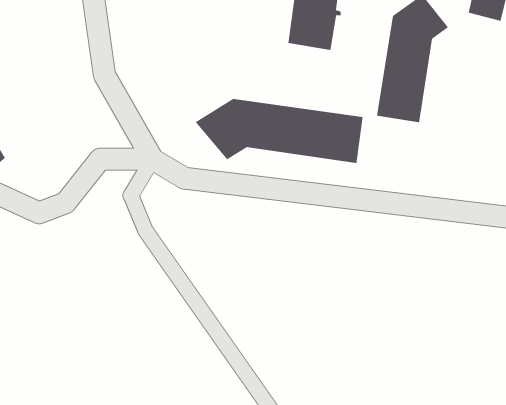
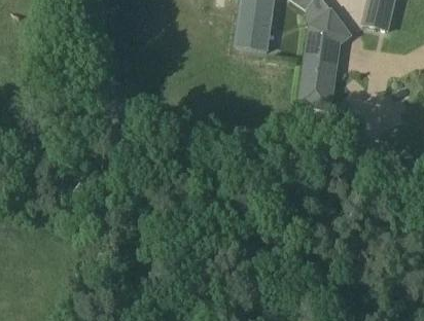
building: [195,98,363,164] -> none

